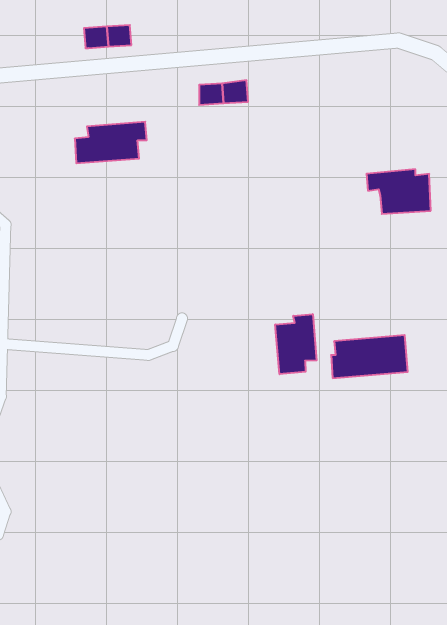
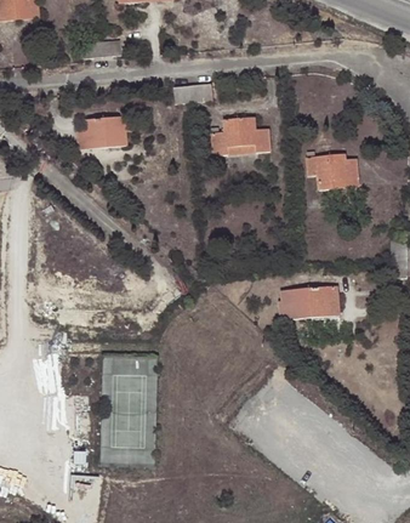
building: none -> [212,118,271,155]
building: [275,314,317,374] -> none

